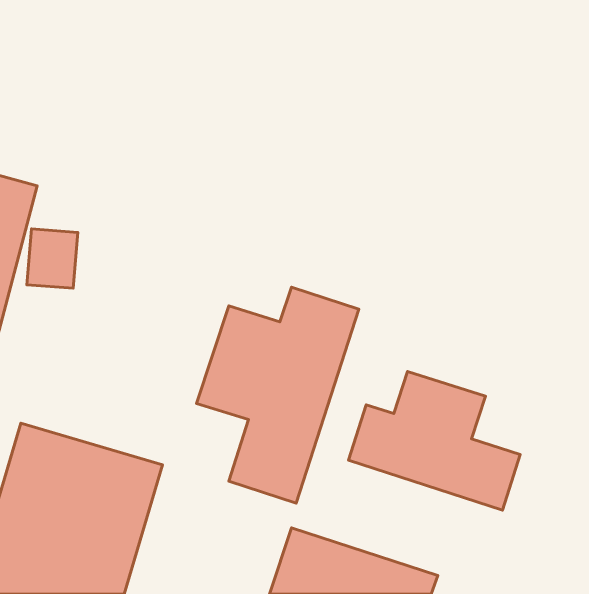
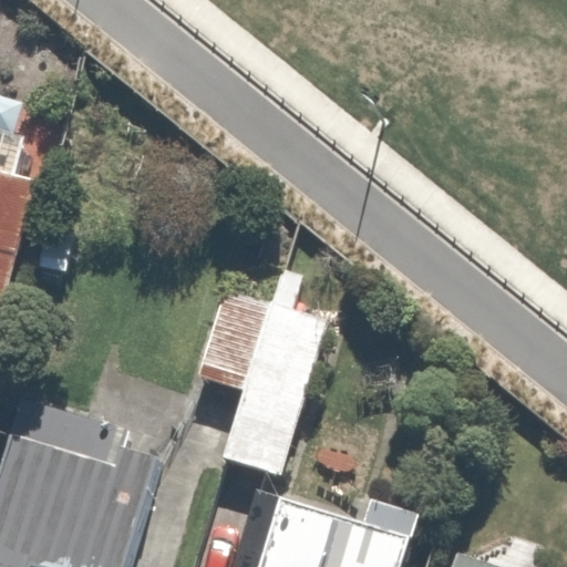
building: [348,372,520,510] -> none

